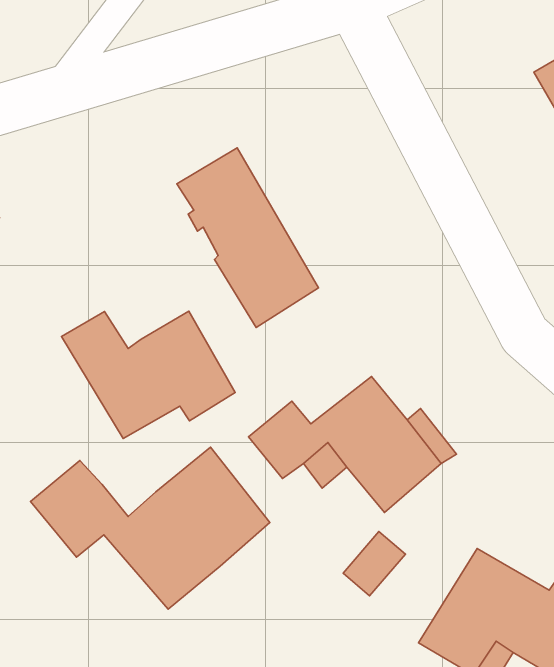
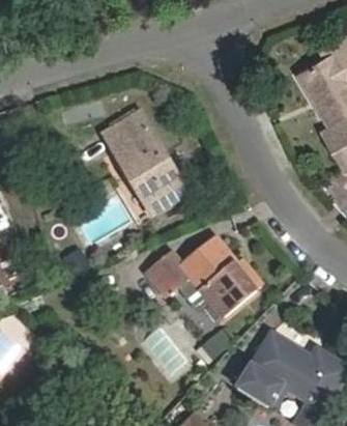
building: [61,311,235,439] -> none
building: [30,447,270,609] -> none

